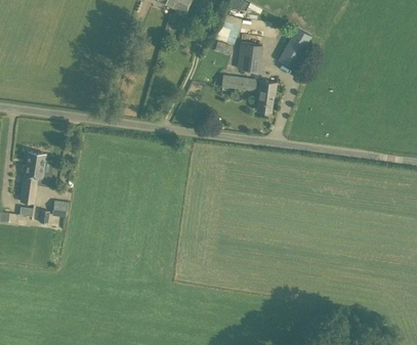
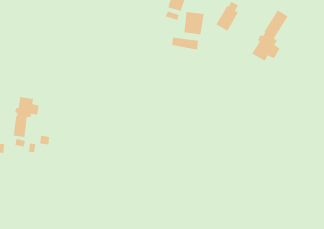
building: none -> [252,10,288,61]
building: [257,81,277,113] -> none

